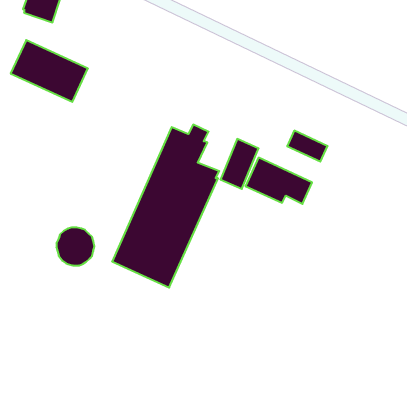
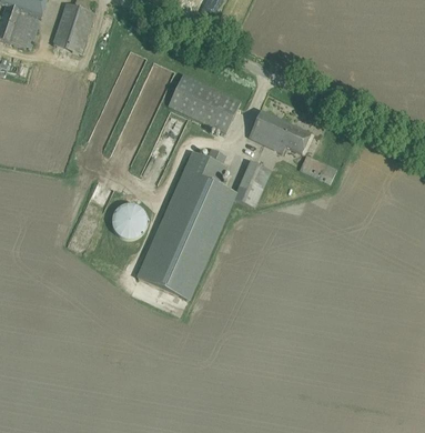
building: [11,40,88,102] -> [169,74,241,132]
building: [245,158,312,204] -> [249,111,311,154]
building: [56,227,94,265] -> [112,203,148,239]

